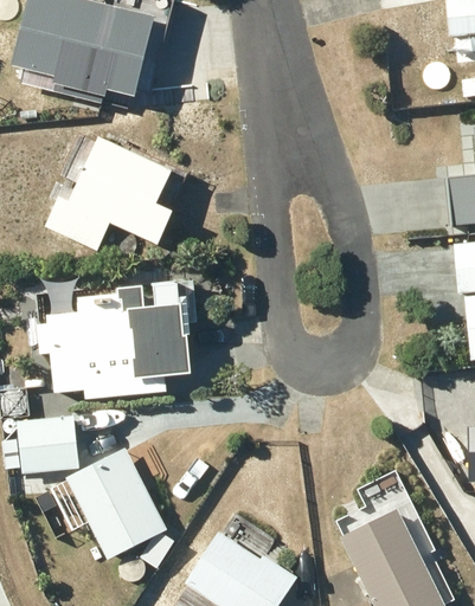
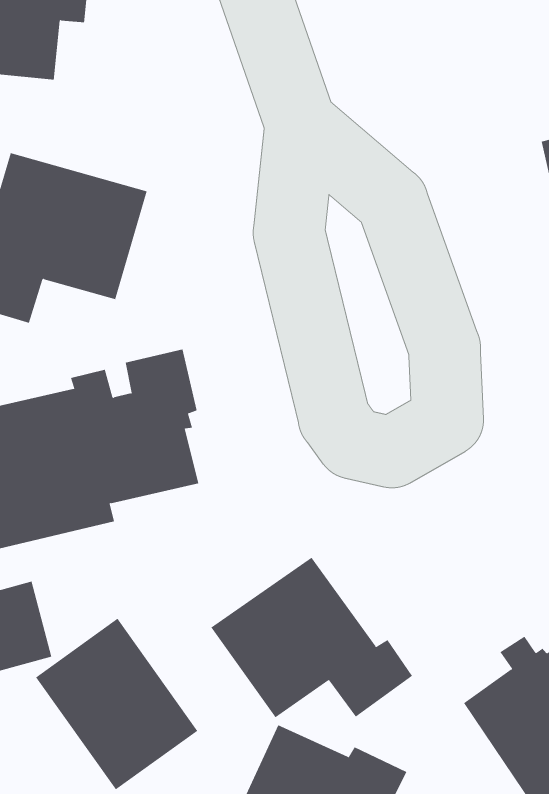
building: none -> [211,557,413,718]

